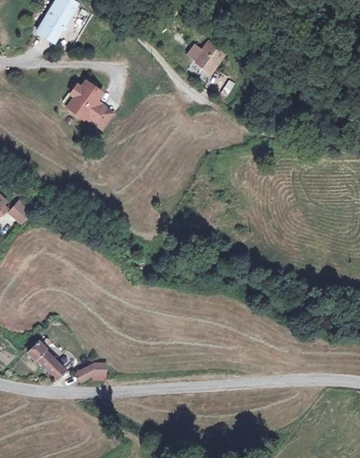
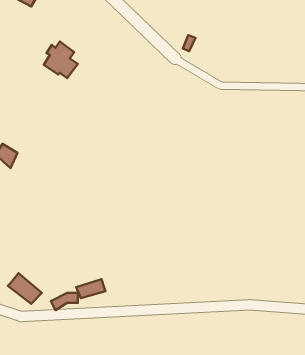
building: [187,41,223,70] -> none
building: none -> [76,279,106,298]

